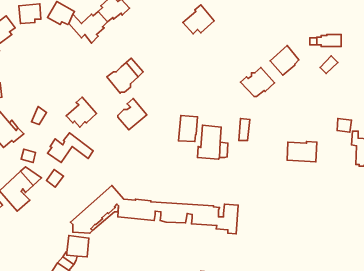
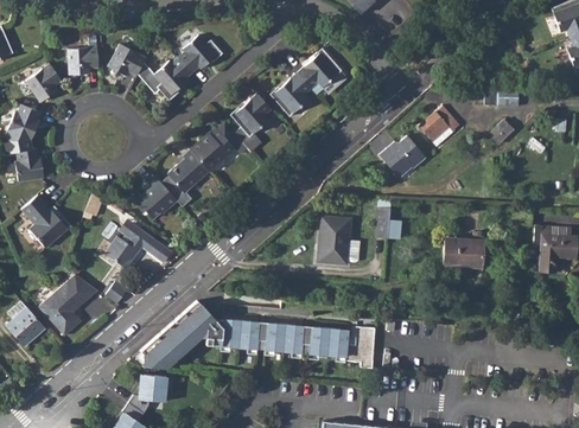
building: none -> [271,74,312,117]
building: none -> [230,94,272,138]
building: [118,99,147,130] -> [170,149,210,193]
building: [179,116,197,141] -> none

